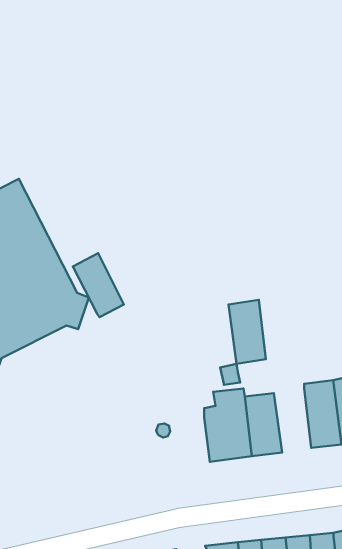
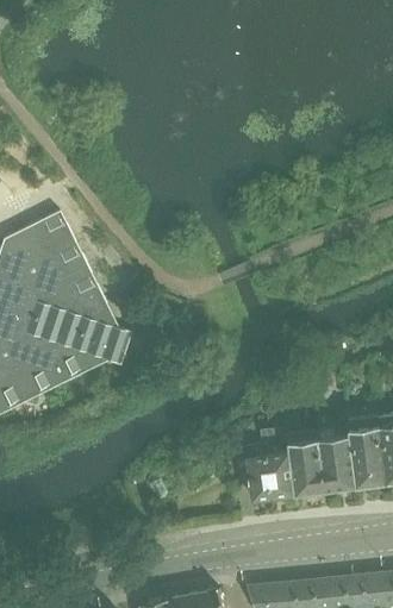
building: [73,253,124,317] -> none
building: [228,300,266,364] -> [320,425,358,490]

